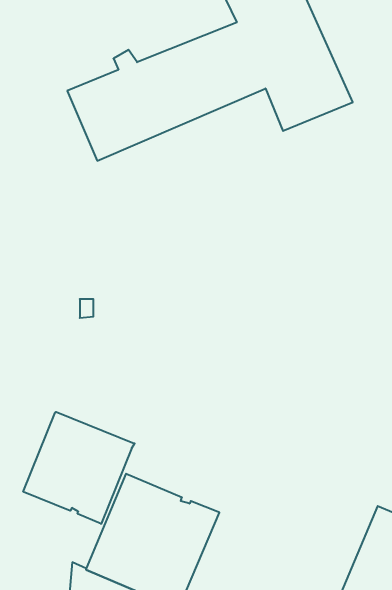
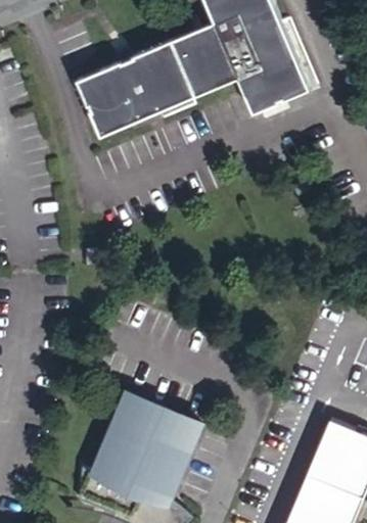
building: [23,412,135,524] -> none

